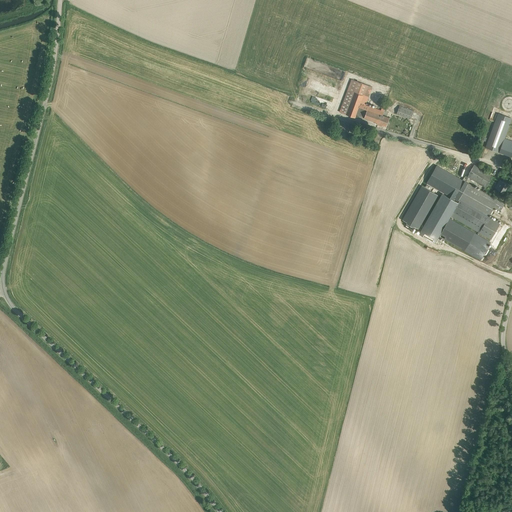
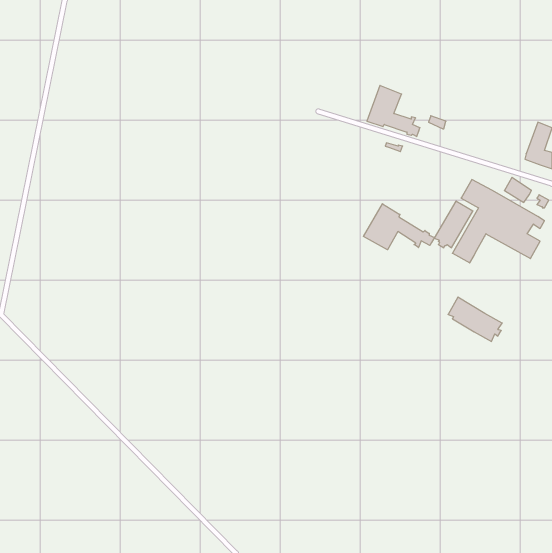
building: none -> [363,204,434,250]
building: [439,218,489,259] -> [448,297,502,341]

